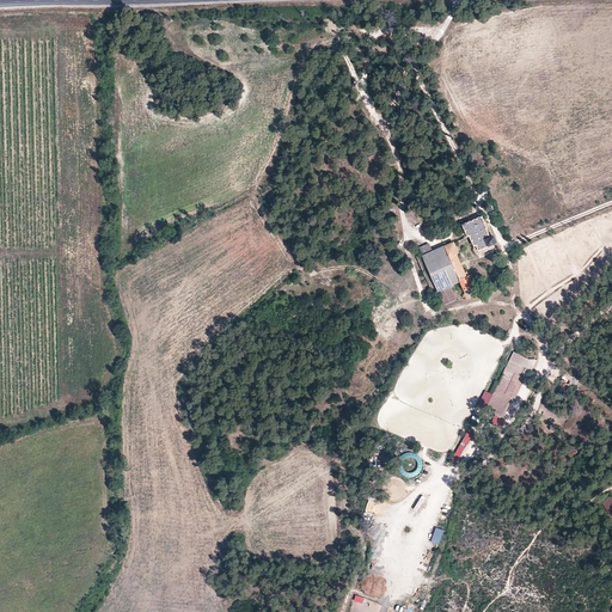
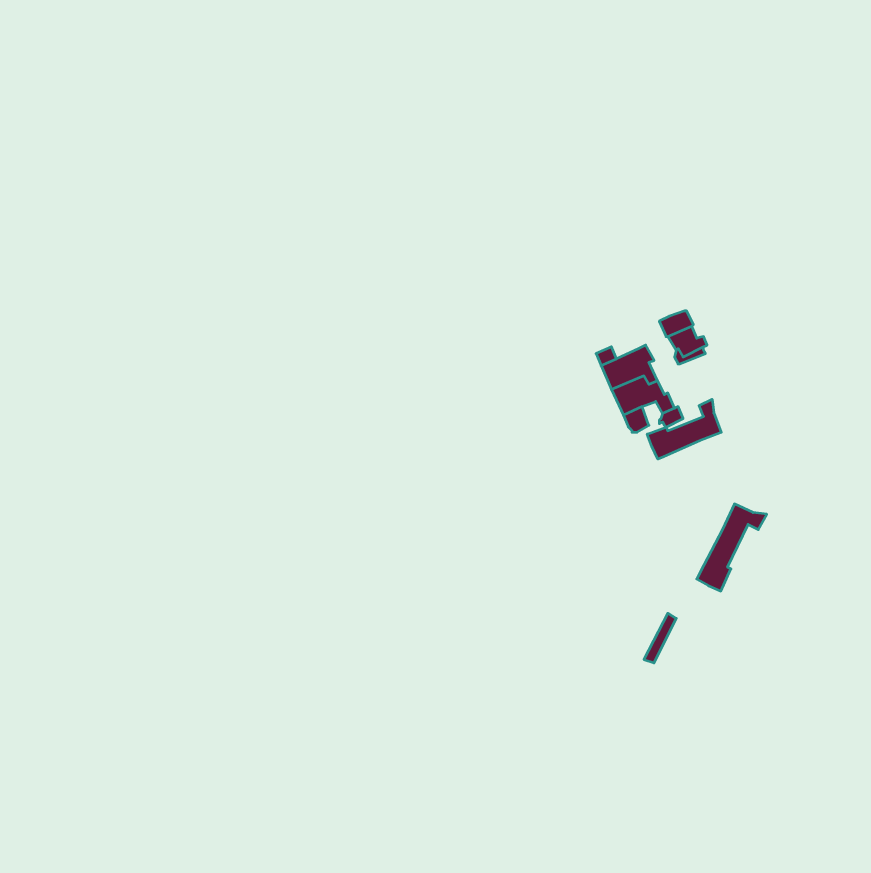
building: none -> [647,399,721,459]

